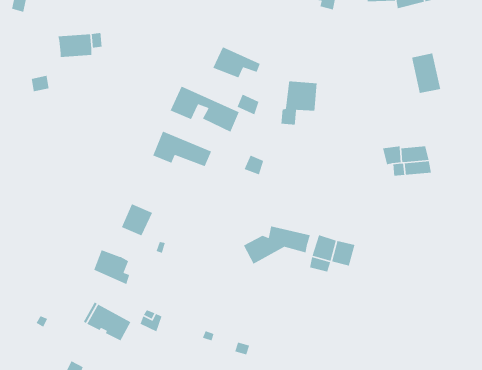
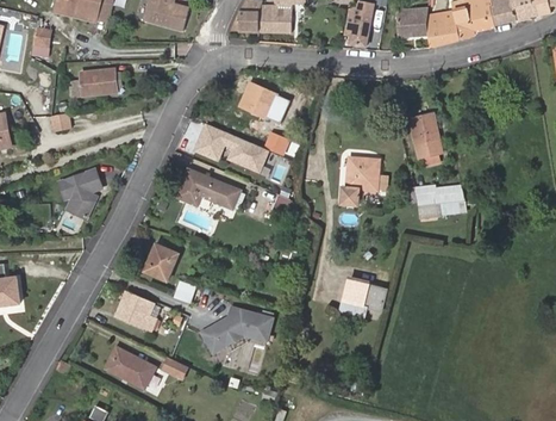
building: [411,52,441,94] -> [410,114,441,157]
building: [281,80,318,125] -> [341,157,379,204]
building: none -> [61,169,100,219]
building: [243,226,311,265] -> [201,310,271,351]

